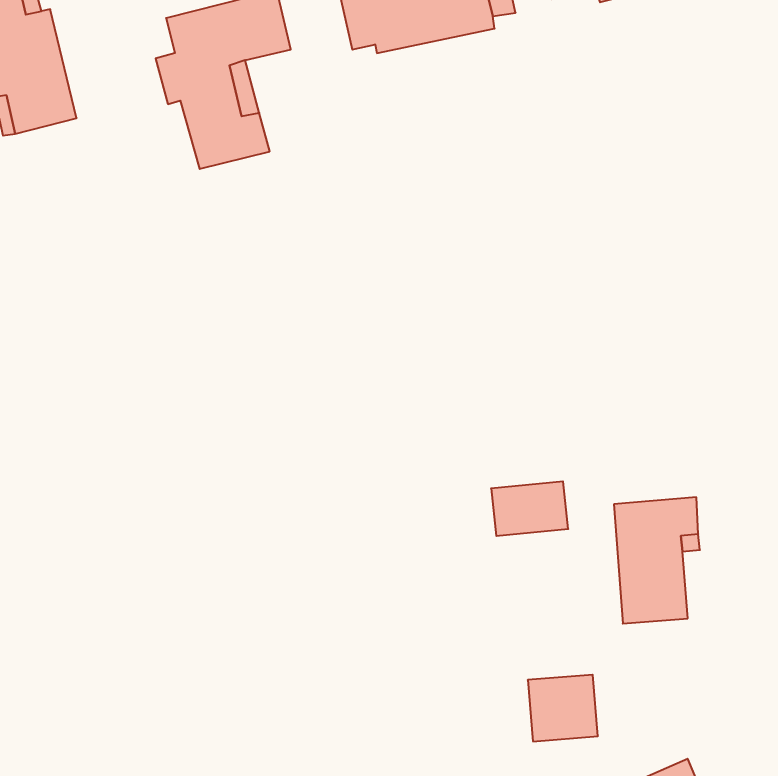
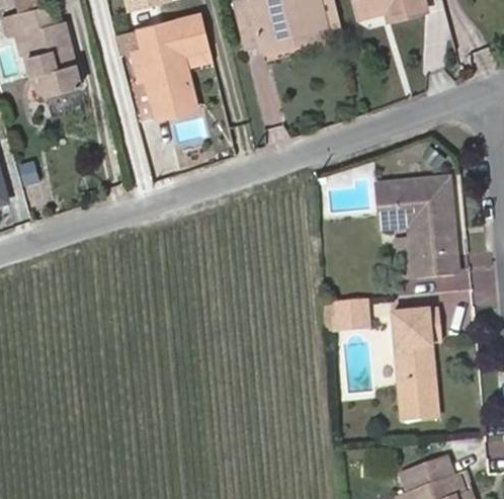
building: none -> [376,178,456,274]
building: [528,675,598,741] -> [398,377,438,415]

